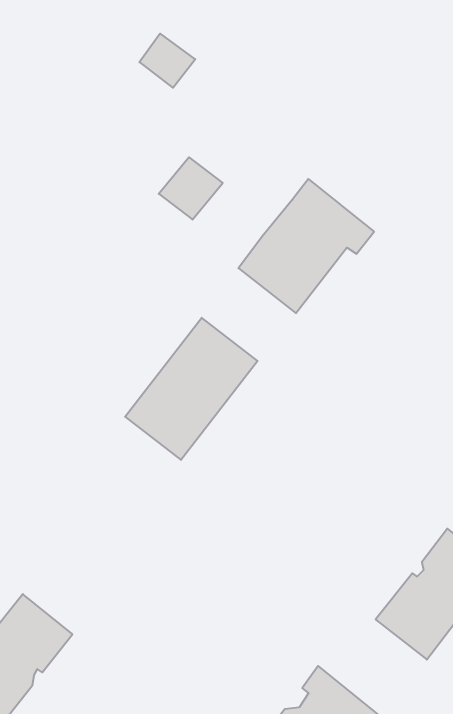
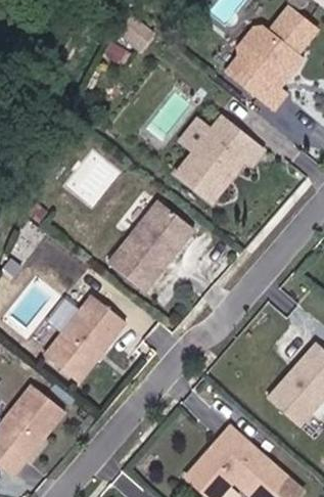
building: none -> [224,12,311,111]
building: [159,157,223,220] -> [172,112,213,152]
building: none -> [52,301,125,378]

